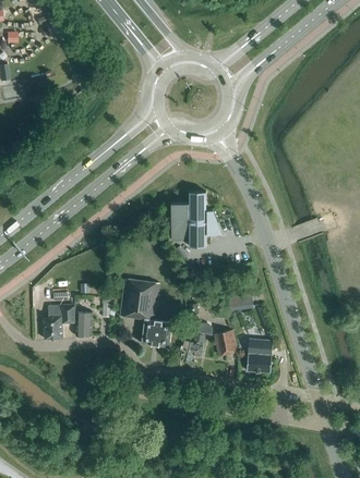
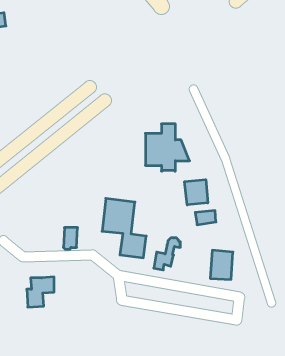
building: none -> [185,180,208,205]
building: [44,305,75,340] -> [27,277,54,307]
building: [215,330,238,356] -> none

